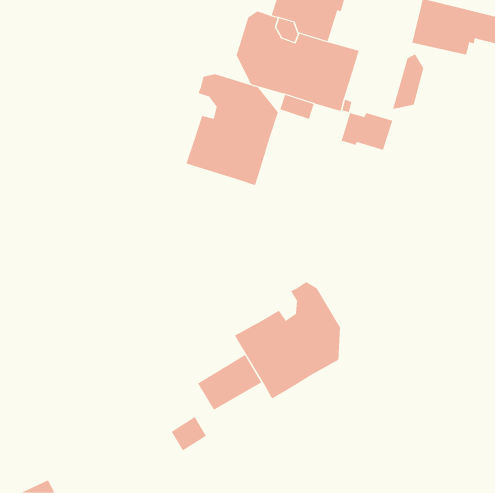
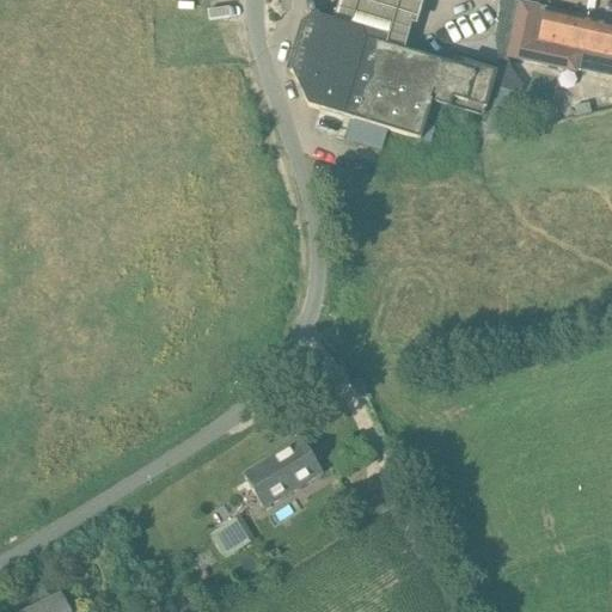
building: [183,74,279,186] -> none
building: [341,113,393,150] -> [434,60,498,106]
building: [233,281,341,399] -> none

